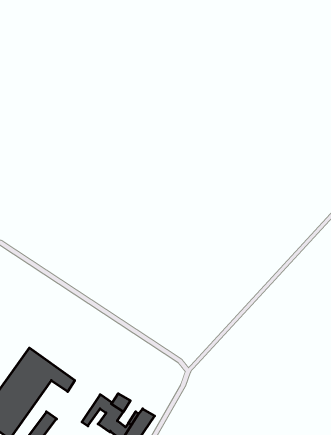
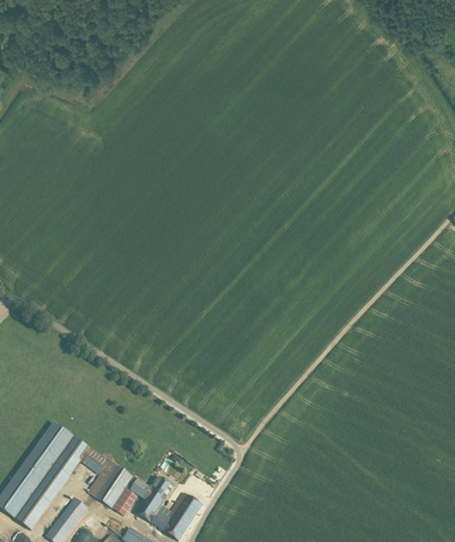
building: none -> [87,459,136,510]

